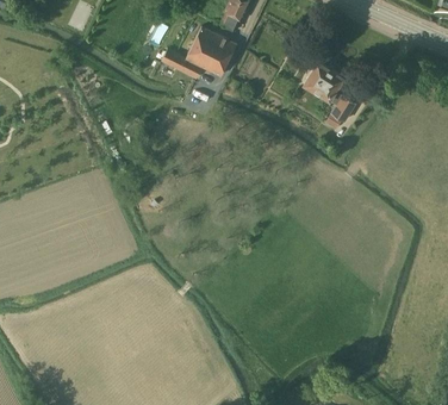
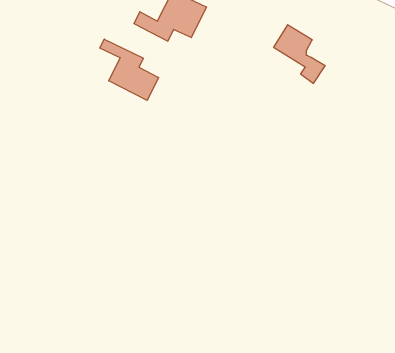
building: none -> [100,39,159,100]

